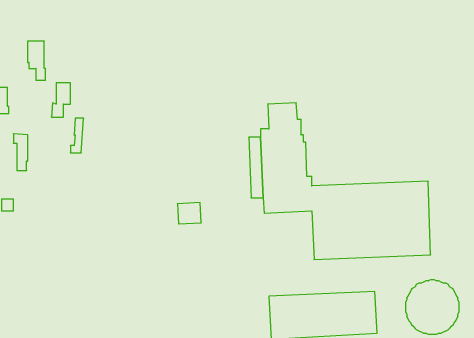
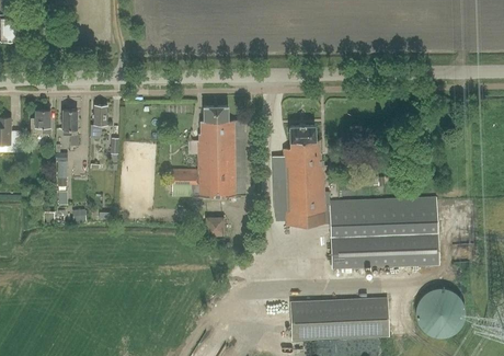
building: [28,41,45,80] -> [62,110,79,146]
building: none -> [172,106,236,196]

